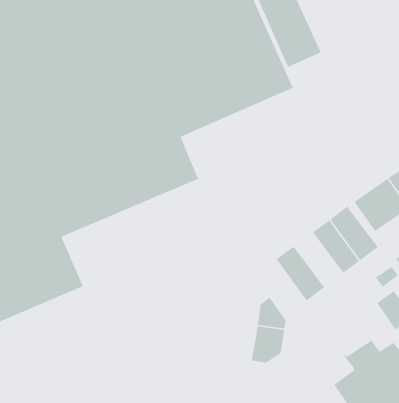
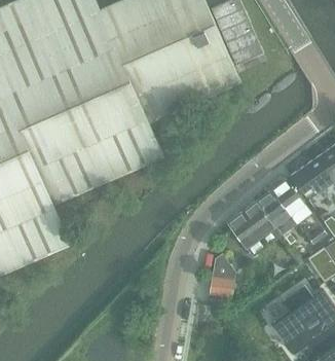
building: none -> [241,201,282,246]

